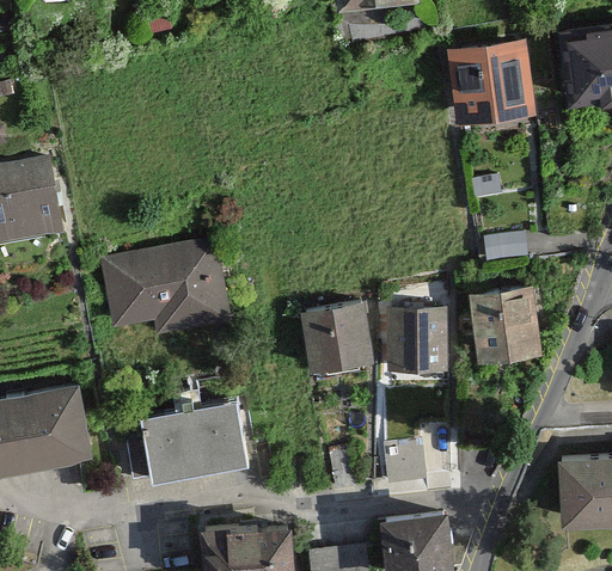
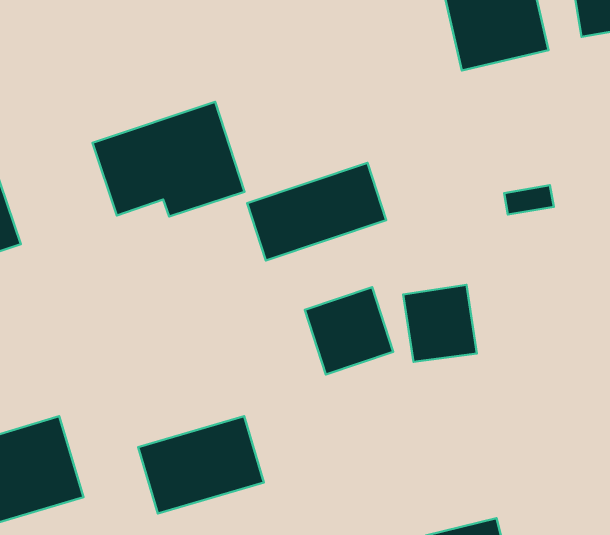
building: none -> [247,163,386,260]
building: [100,240,228,336] -> [92,102,244,216]
building: [472,289,541,364] -> none
building: [386,436,424,474] -> none

